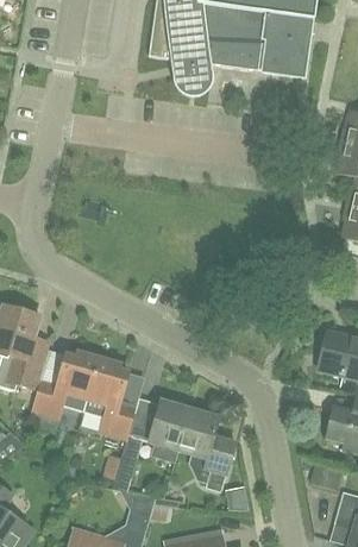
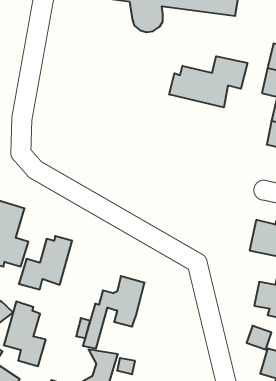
building: none -> [169,56,247,107]
building: [83,357,136,438] -> [4,301,46,366]
building: [178,409,234,489] -> none

